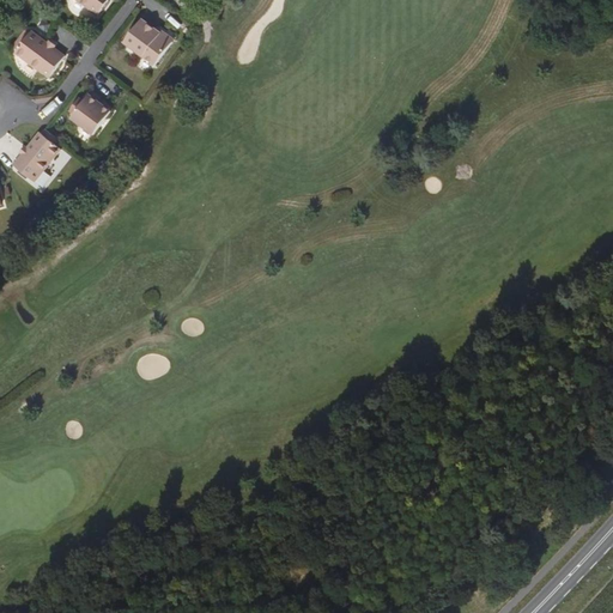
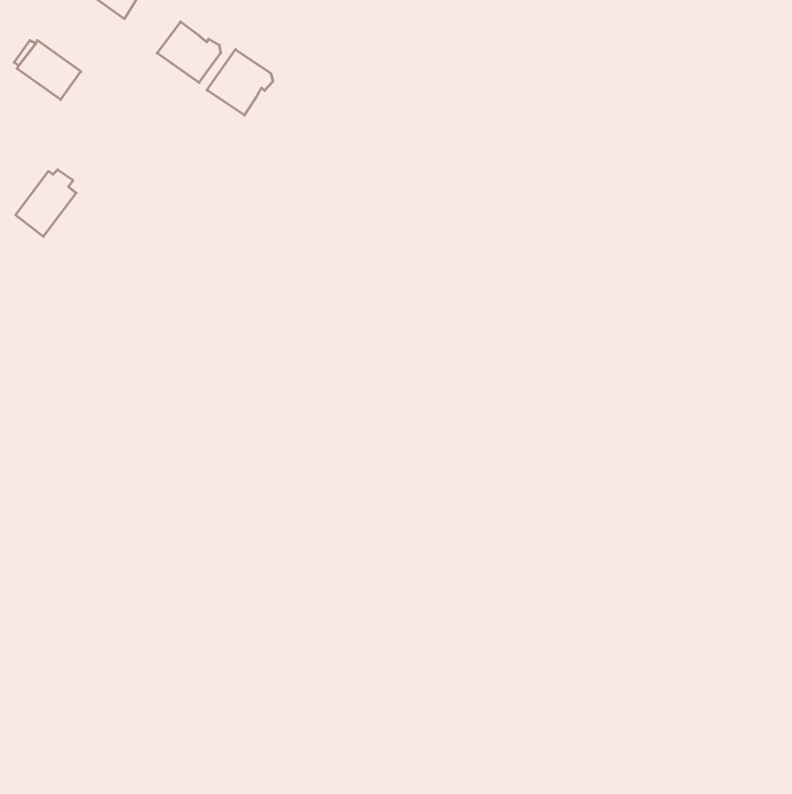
building: none -> [207,49,273,115]
building: [69,91,109,134] -> none

